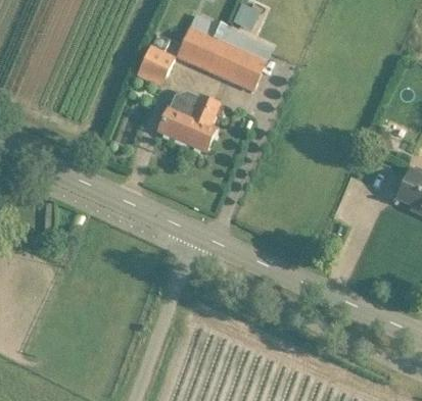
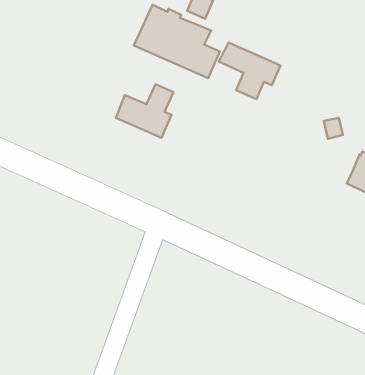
building: [139,35,175,86] -> none
building: none -> [219,42,280,99]

